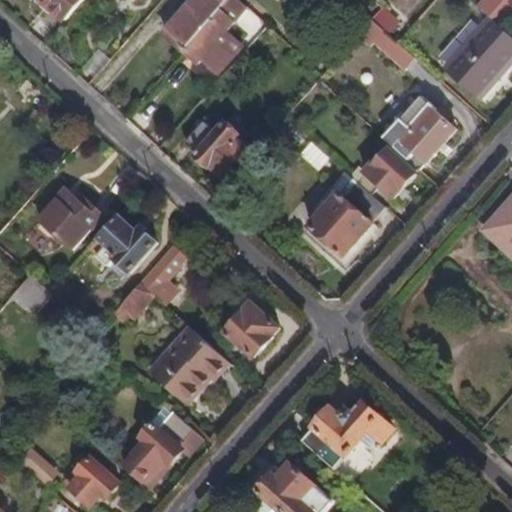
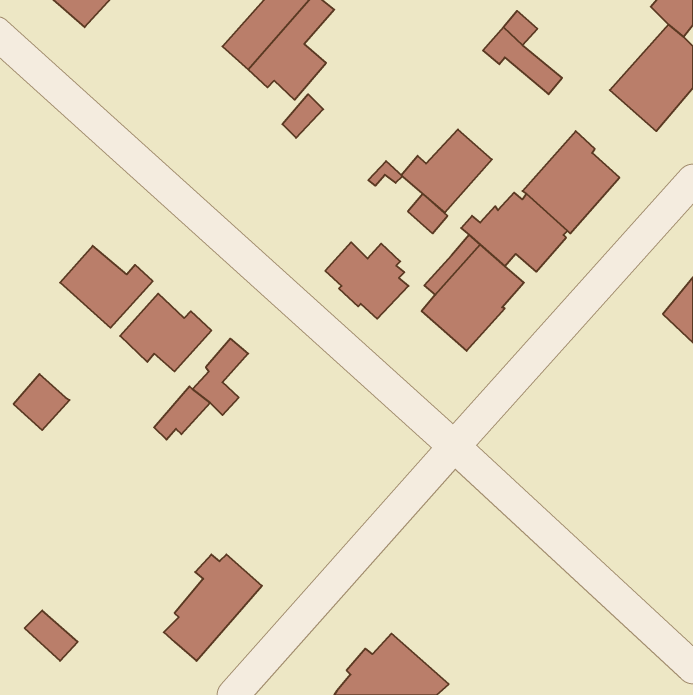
building: none -> [401,129,492,213]
building: [183,122,244,178] -> [325,242,409,319]
building: [224,303,278,357] -> none
building: [149,326,226,402] -> none
building: [299,402,391,459] -> none
building: [68,445,128,504] -> none

